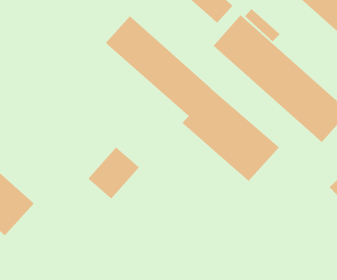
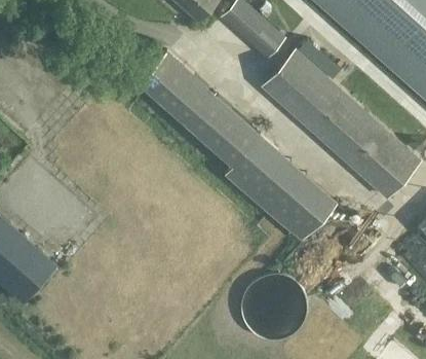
building: [88,147,140,200] -> none

